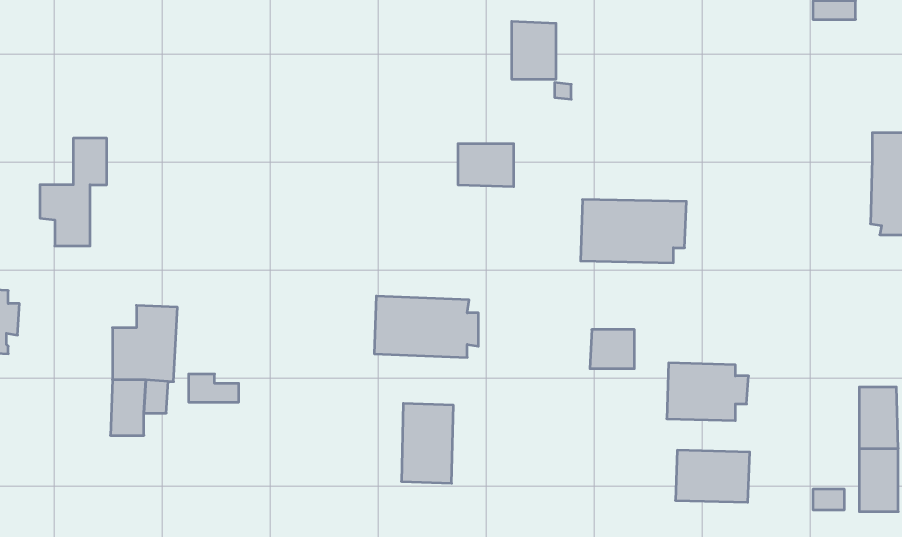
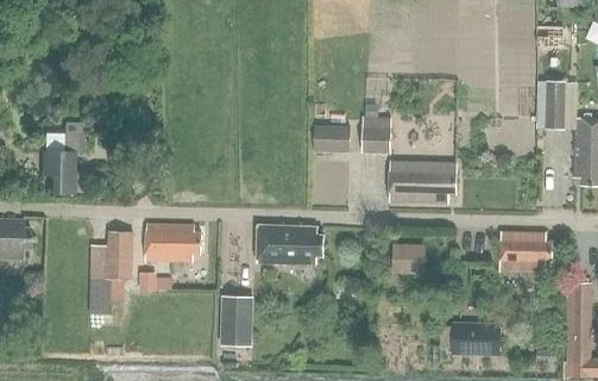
building: [512,21,556,79] -> [363,115,391,152]
building: none -> [545,83,566,131]
building: none -> [145,224,201,261]
building: [667,363,749,421] -> [501,233,553,270]
building: [401,403,453,483] -> [218,296,251,348]

